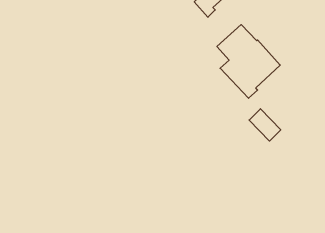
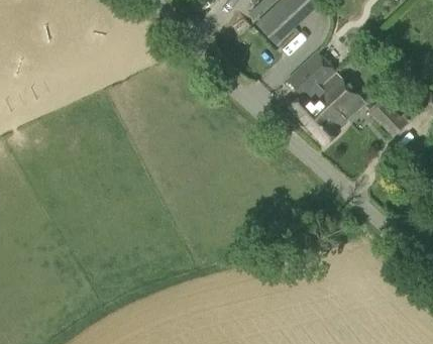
building: [249,109,281,141] -> [367,97,407,137]

